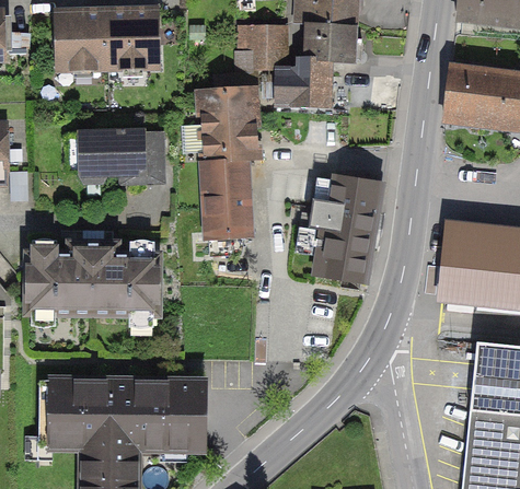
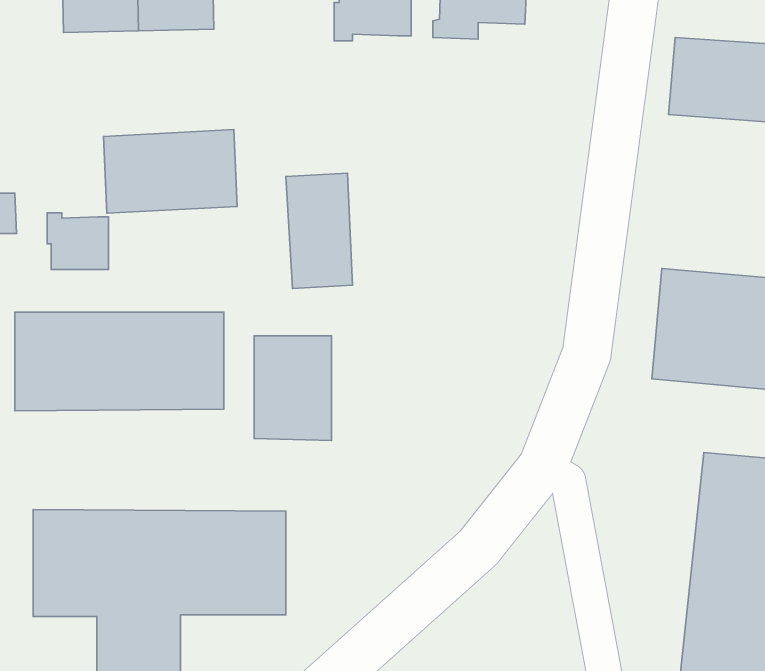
building: [276,69,330,105] -> none
building: [199,73,256,161] -> none
building: [308,177,379,281] -> none
building: none -> [47,213,108,269]
building: none -> [254,336,331,441]

